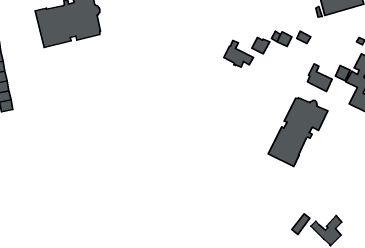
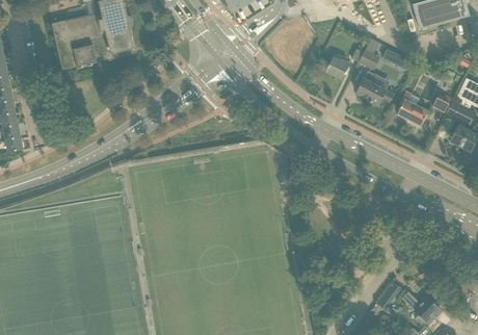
building: [224,40,253,67] -> [356,70,394,104]
building: [268,98,328,167] -> none

